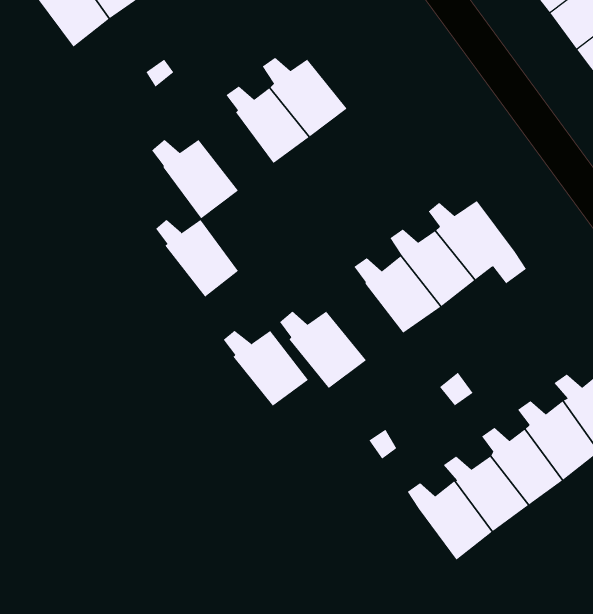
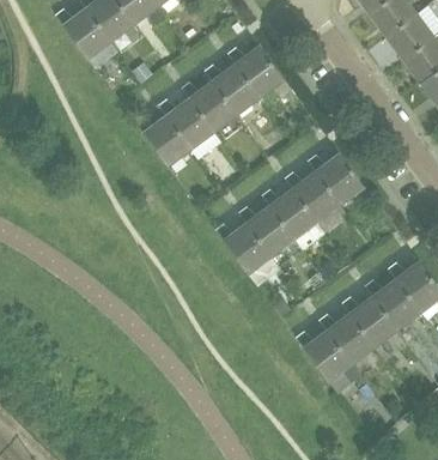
building: none -> [231,47,299,104]
building: [155,219,239,297] -> [162,99,214,149]
building: [223,330,309,406] -> [242,207,296,255]

